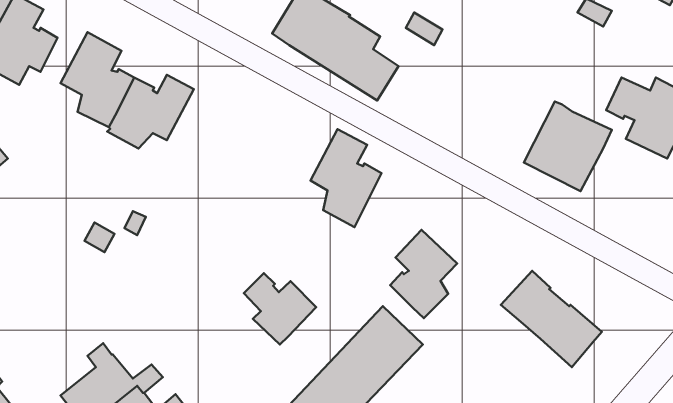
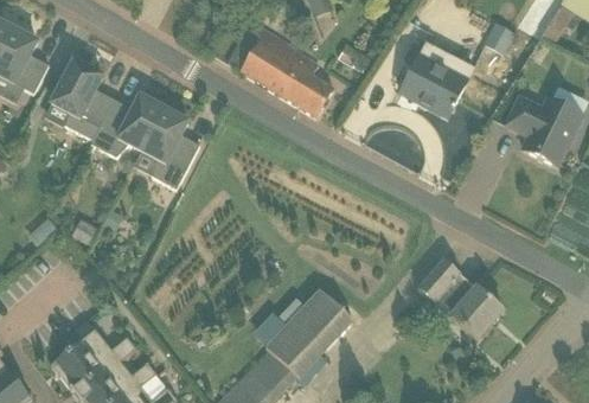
building: [524,102,612,191] -> [401,41,474,116]
building: [310,129,381,227] -> [140,107,199,188]
building: [390,230,457,318] -> none
building: [244,273,316,344] -> none

